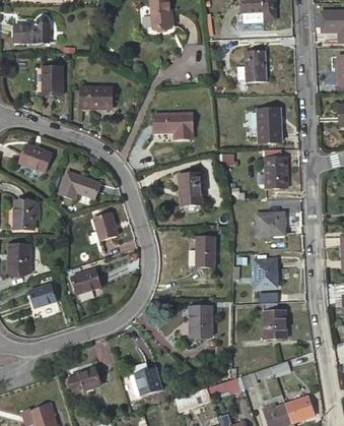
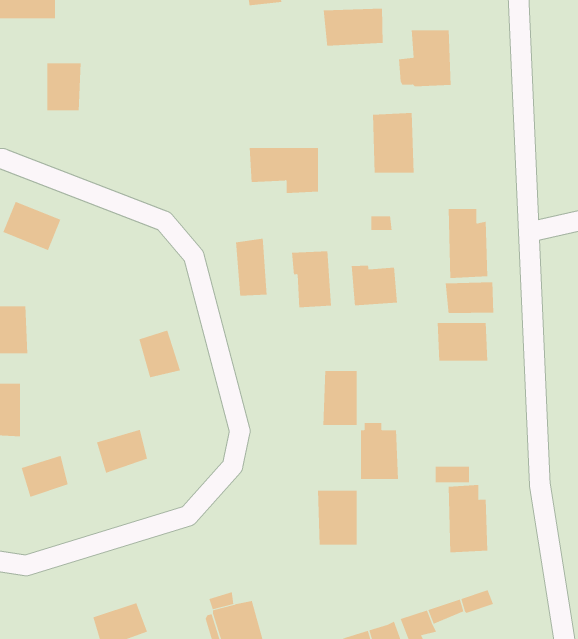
building: none -> [323,8,383,47]
building: [82,81,112,109] -> none
building: [257,107,280,140] -> [372,113,414,173]
building: none -> [235,238,267,296]
building: [59,172,101,202] -> none
building: none -> [351,265,397,306]
building: none -> [445,282,494,314]
building: [255,254,276,286] -> [360,422,399,479]

